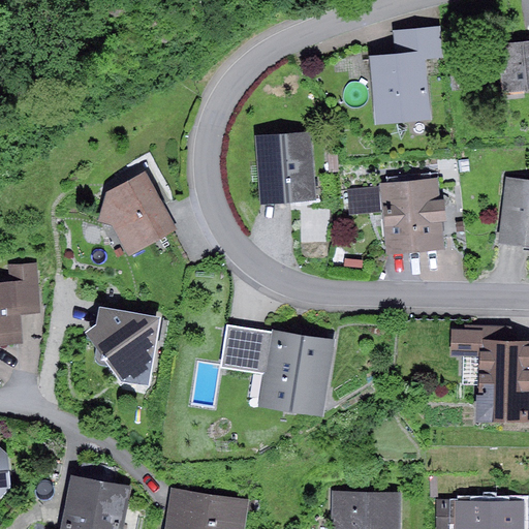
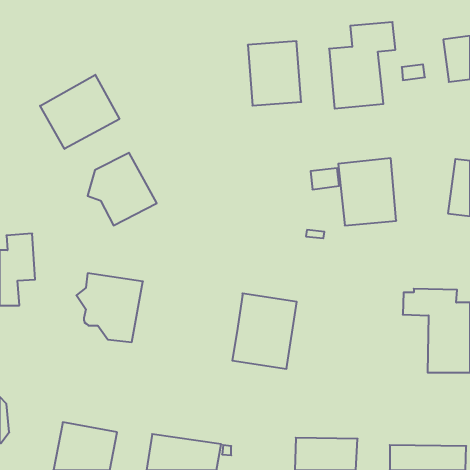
building: none -> [40,75,119,149]
building: [255,131,315,204] -> [248,41,301,106]
building: [220,324,272,374] -> none

